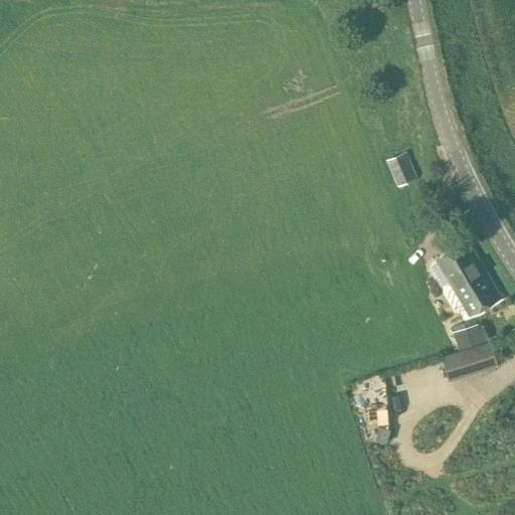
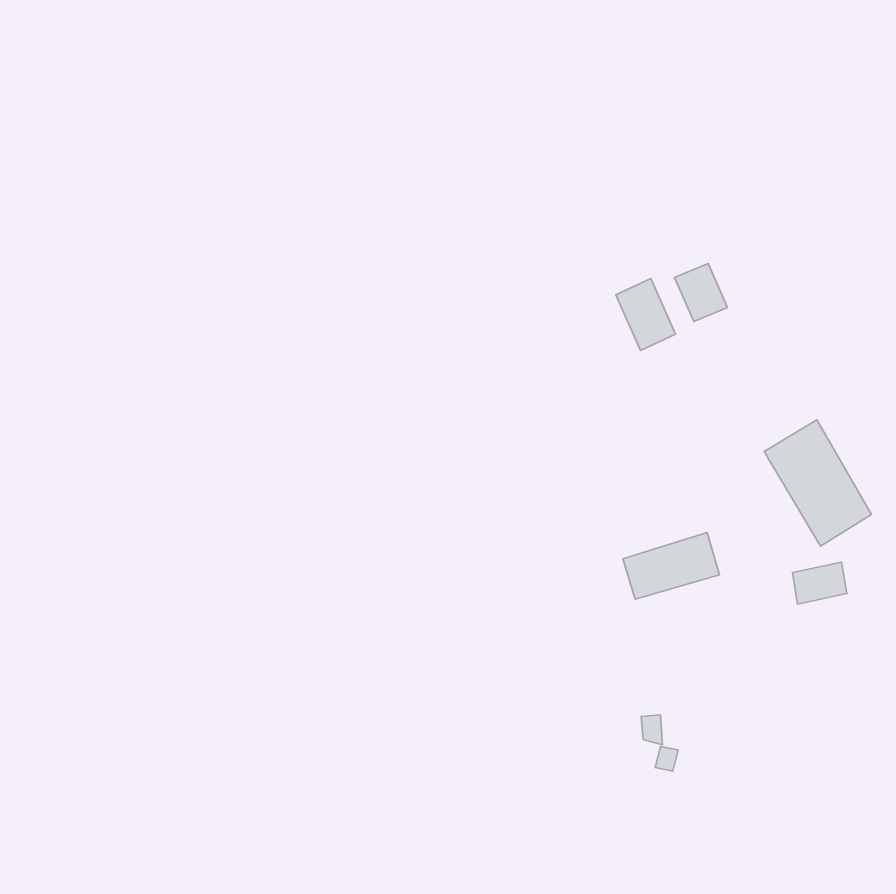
building: none -> [616,279,675,350]
building: [441,343,496,381] -> [623,533,719,599]

